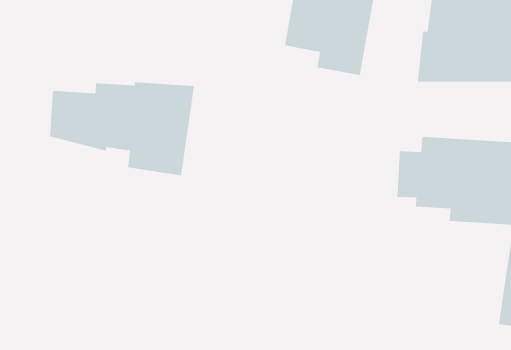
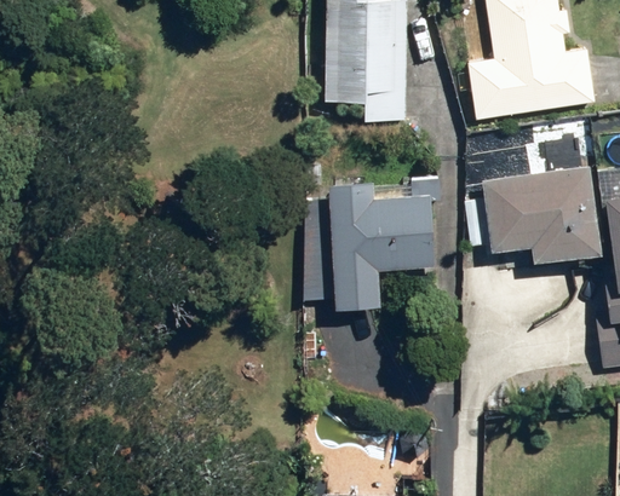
building: [49,81,195,176] -> none
building: none -> [308,177,442,311]

